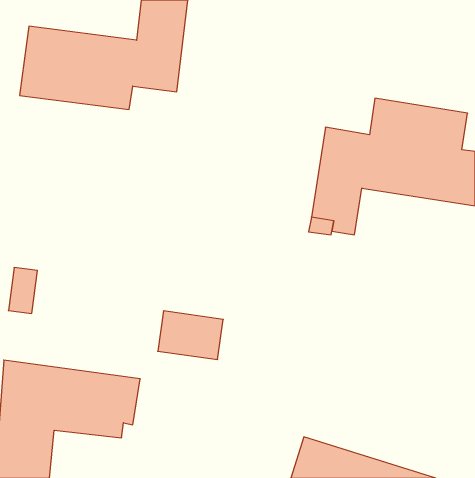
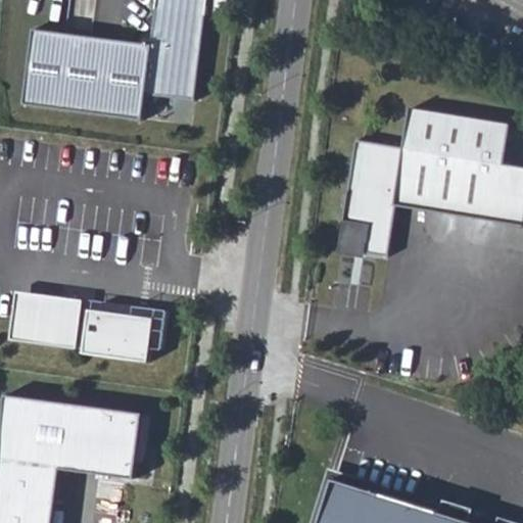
building: none -> [35,295,81,347]
building: [158,311,223,360] -> [82,308,153,362]

